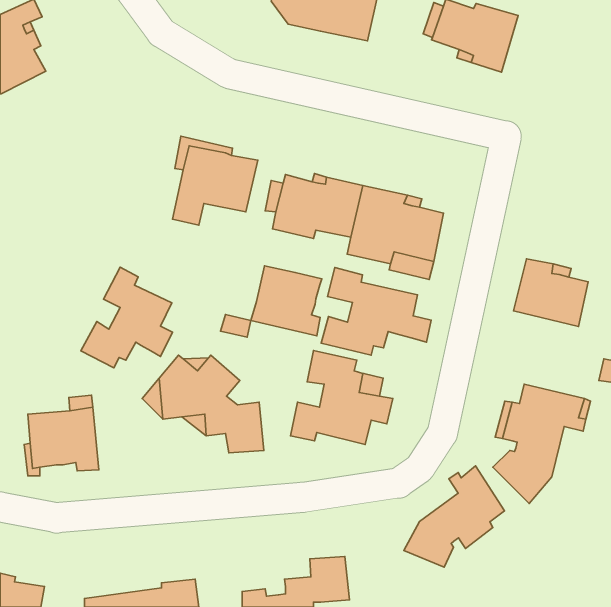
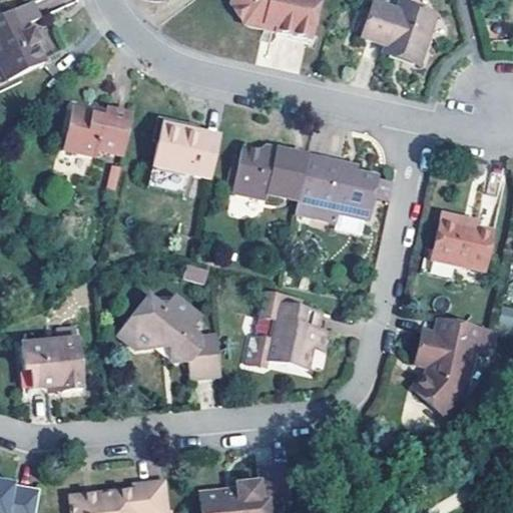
building: none -> [61,105,129,154]
building: [251,266,322,336] -> none
building: [81,267,173,368] -> none
building: [321,268,431,355] -> none
building: [404,466,505,567] -> none

